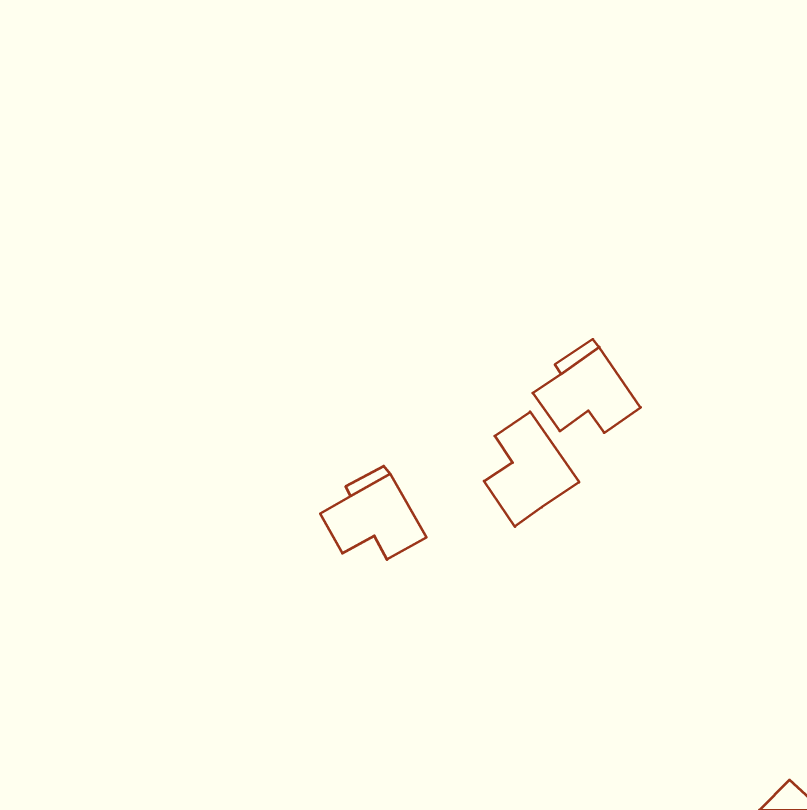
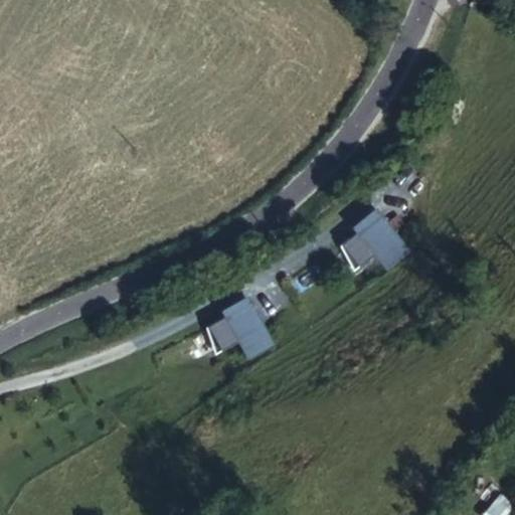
building: [484,412,579,527] -> none

